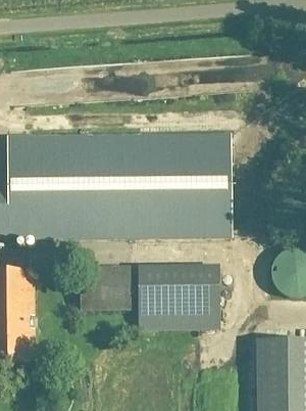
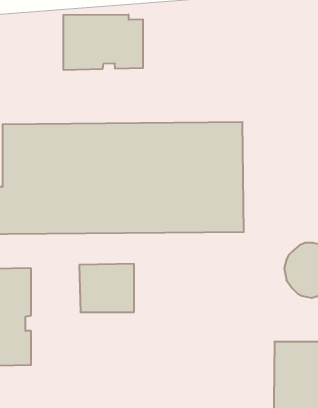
building: none -> [63,14,143,70]
building: [137,264,219,328] -> none

